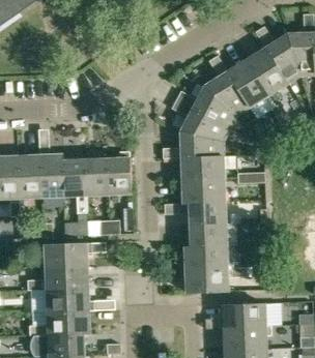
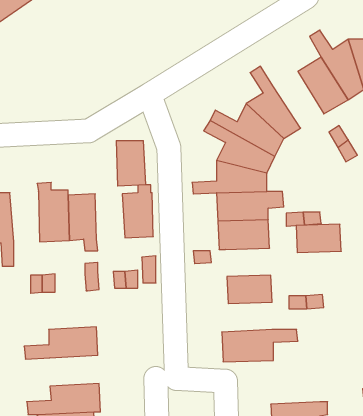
building: [227,59,267,105] -> none
building: [16,155,39,196] -> none
building: [84,157,108,193] -> [116,141,146,186]
building: [189,201,225,223] -> [296,224,341,253]
building: [46,241,106,266] -> none
building: [185,244,226,268] -> none
building: [48,287,93,311] -> none
building: [205,302,264,326] -> none

